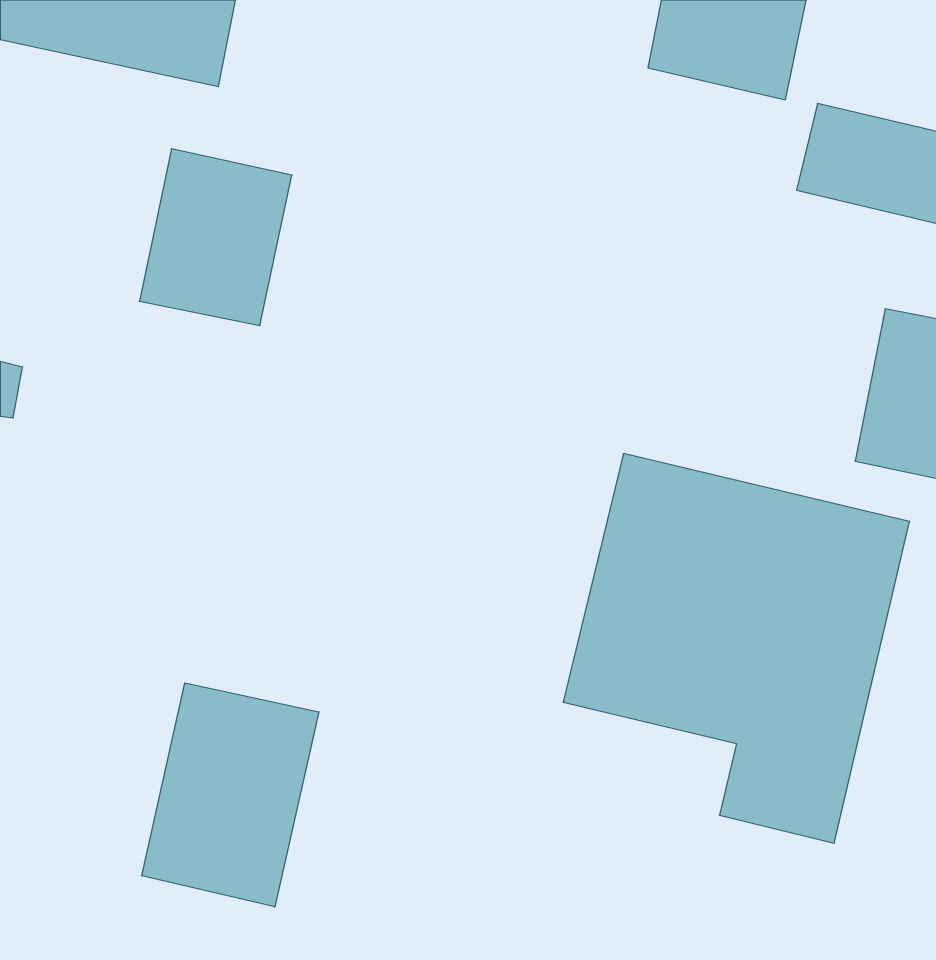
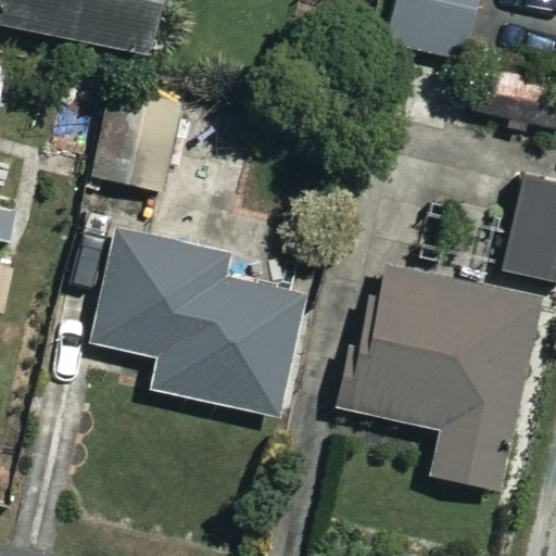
building: none -> [97,228,300,416]
building: [142,683,319,907] -> none

